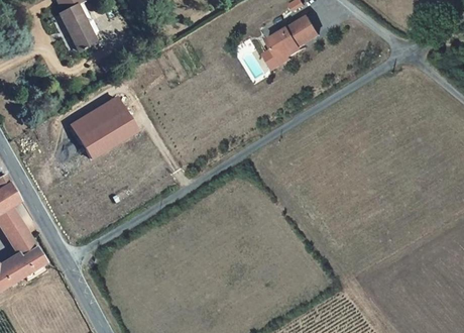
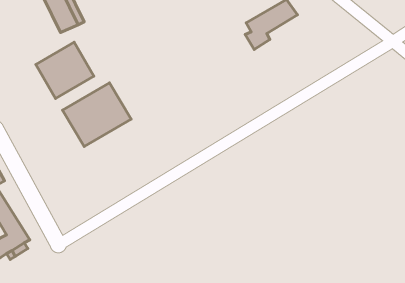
building: none -> [36,42,94,98]

